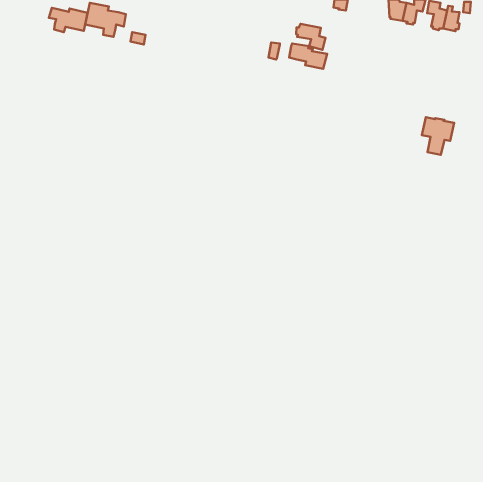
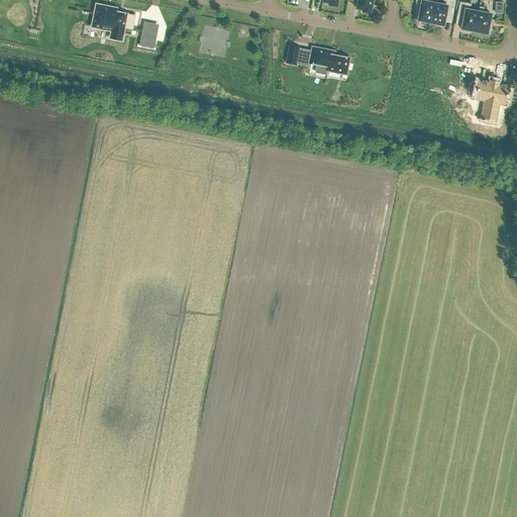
building: [49,8,88,32] -> none
building: [296,24,326,50] -> none
building: [422,117,454,155] -> [475,79,509,119]

